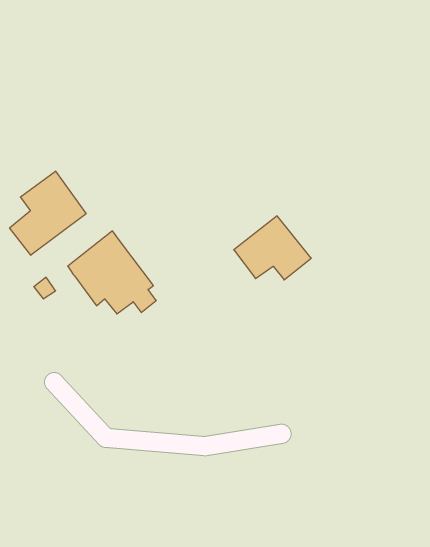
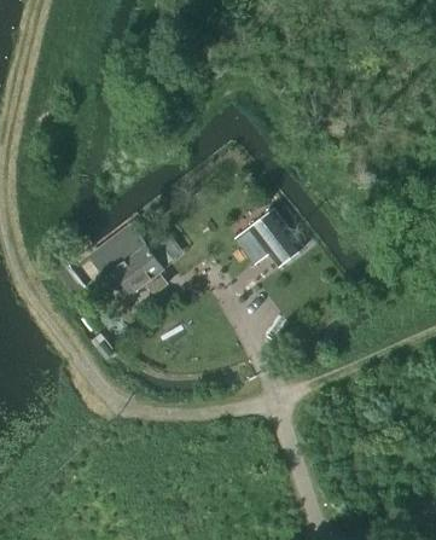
building: [10,171,86,255] -> none

